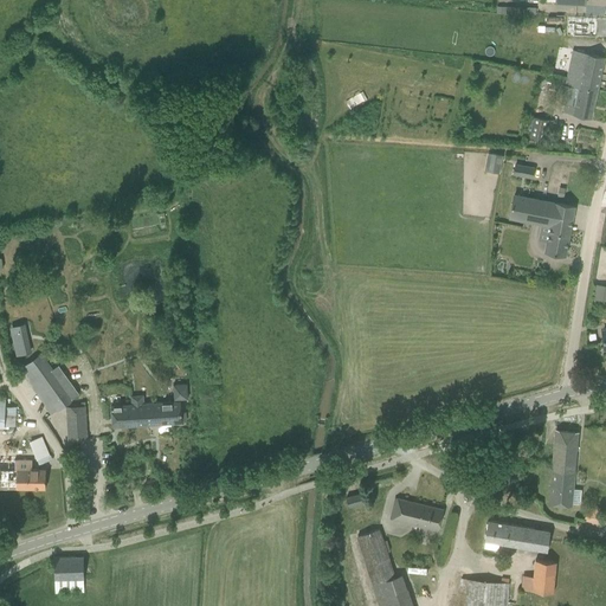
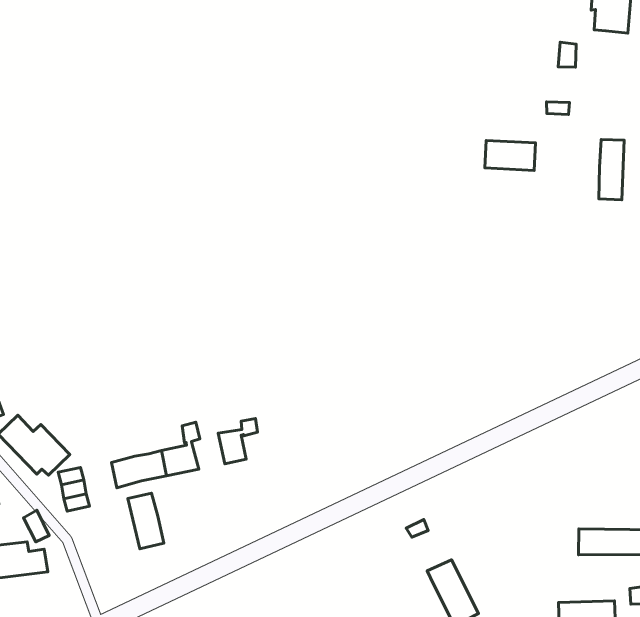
building: [510,195,555,226] -> [485,140,536,170]
building: none -> [218,419,258,464]
building: none -> [128,493,164,549]
building: [389,498,444,530] -> none

